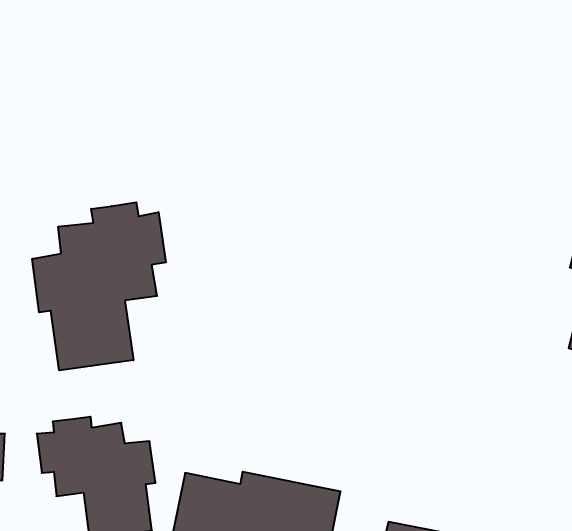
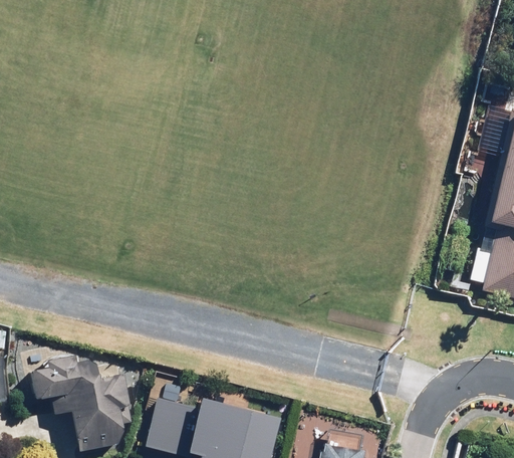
building: [32,202,166,370] -> none

